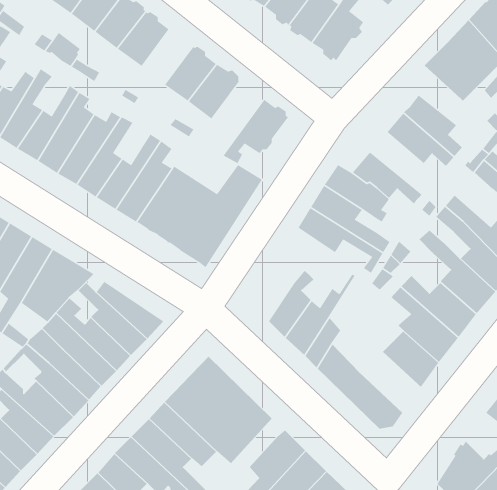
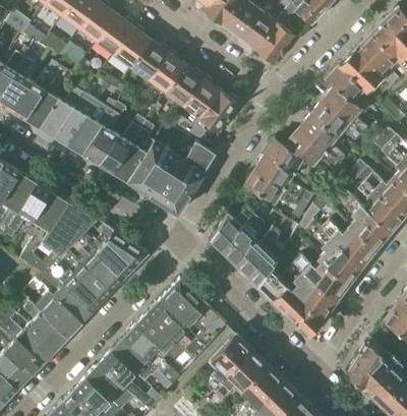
building: none -> [131,40,169,80]
building: none -> [326,66,370,113]
building: none -> [179,77,221,132]
building: none -> [298,115,343,161]
building: none -> [211,204,253,253]
building: none -> [291,276,336,320]

